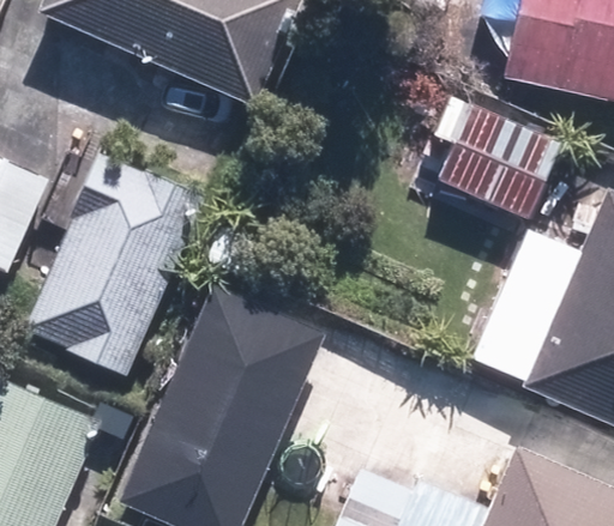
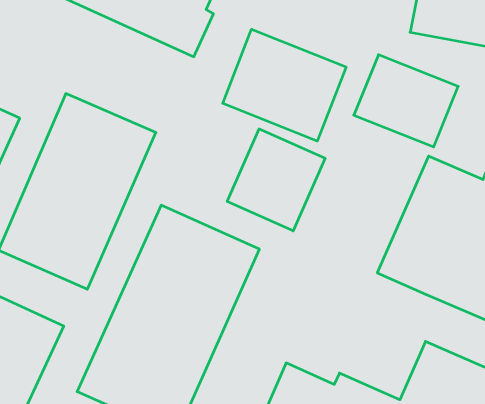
building: none -> [223,29,346,141]
building: none -> [227,129,325,231]

